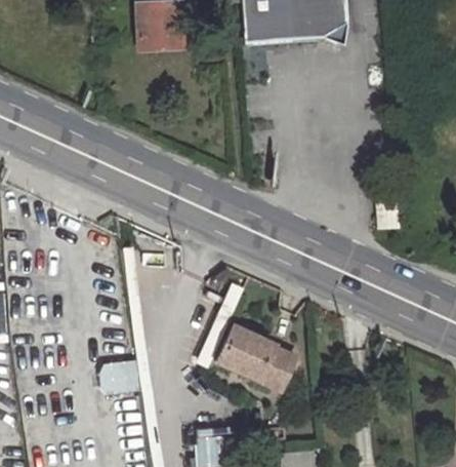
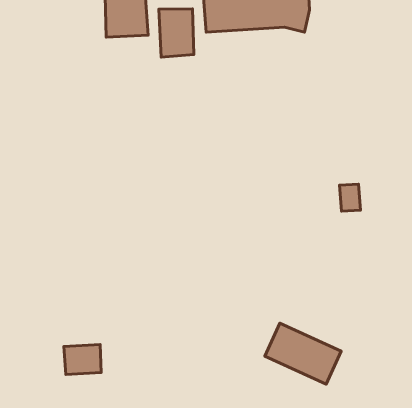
building: none -> [159,9,194,57]
building: [219,327,297,390] -> [265,323,341,384]

